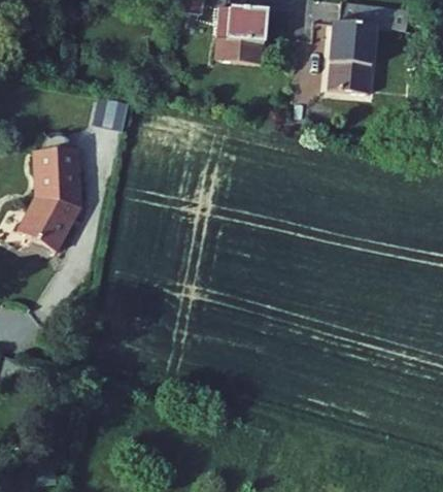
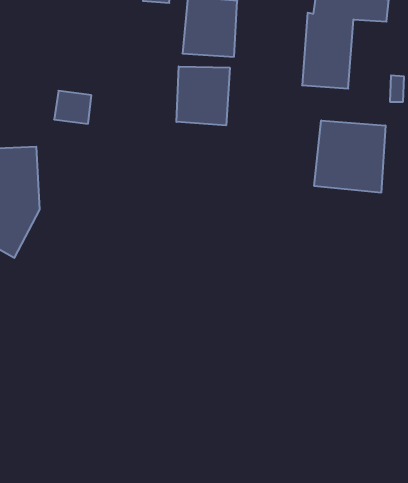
building: none -> [176,66,230,125]
building: none -> [314,120,385,193]

